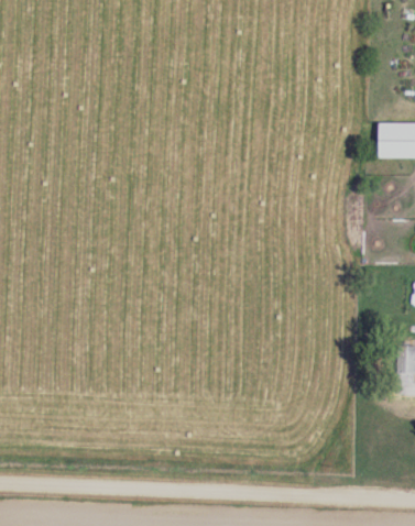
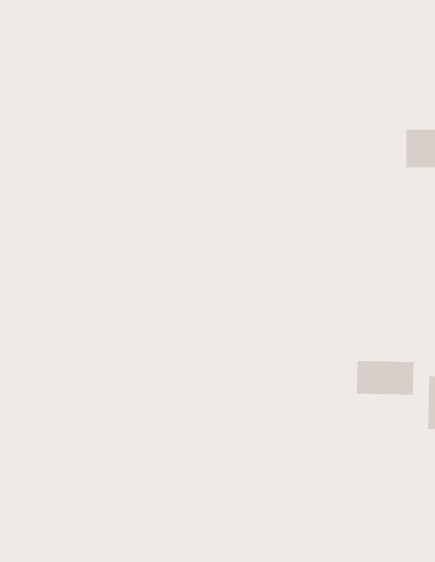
building: none -> [356,360,414,395]

